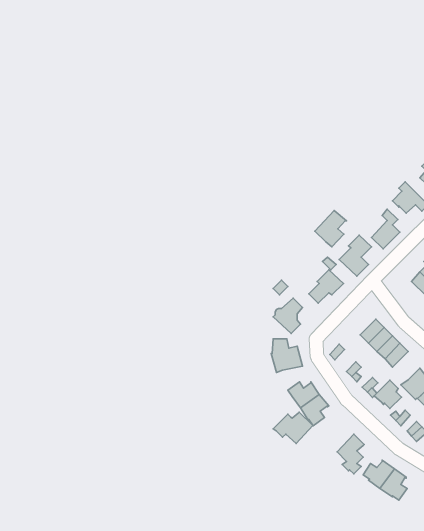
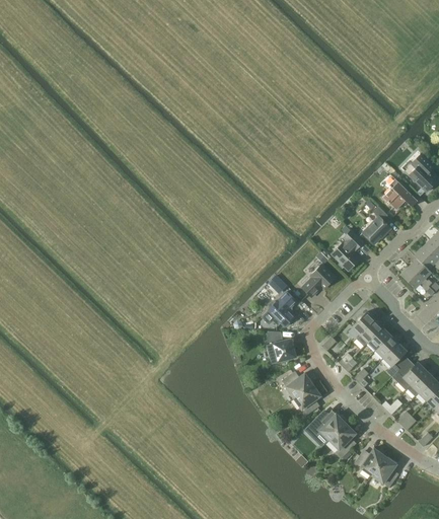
building: [315,210,346,247] -> none
building: [374,380,401,409] -> [383,343,410,370]
building: [273,412,313,443] -> [307,410,346,440]

